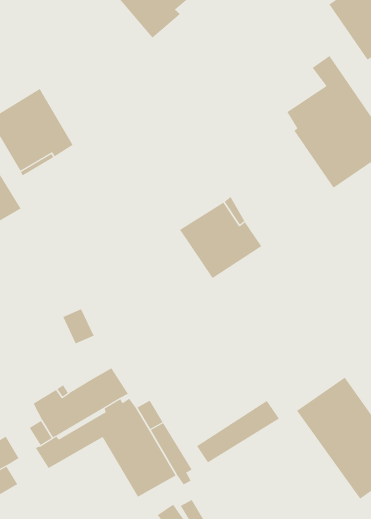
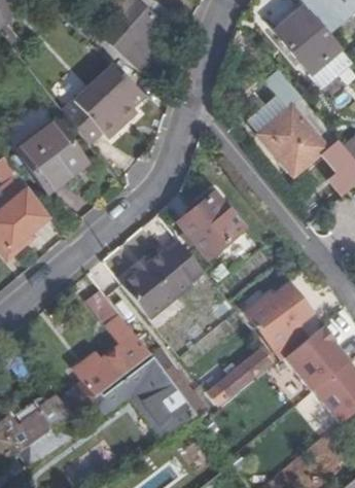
building: none -> [62,63,143,144]
building: none -> [120,234,204,314]
building: none -> [246,284,309,339]

